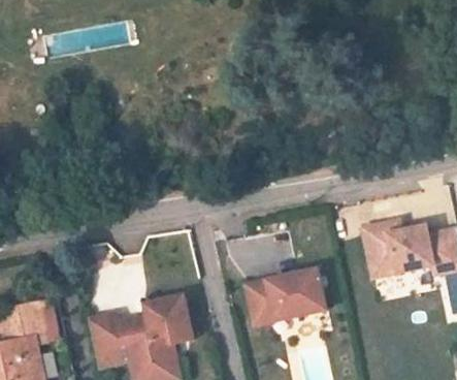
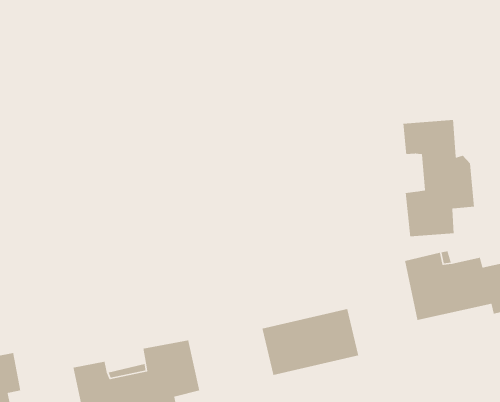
building: none -> [402,119,475,237]

